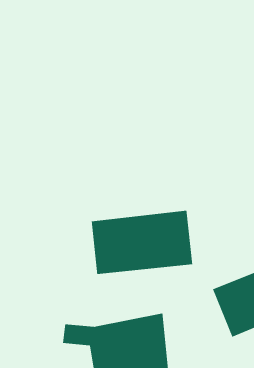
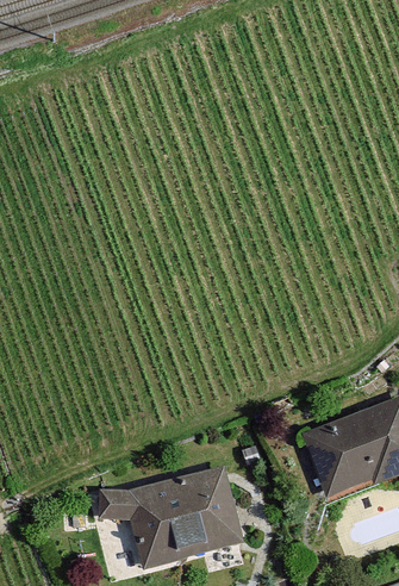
building: [91,210,193,275] -> none

